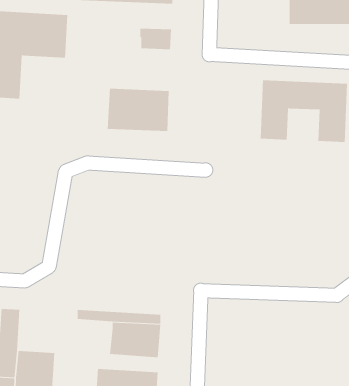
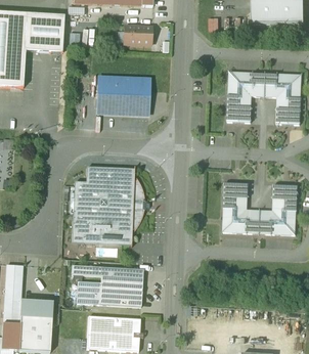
building: none -> [72,166,149,244]
building: none -> [222,180,297,233]
building: none -> [76,280,100,303]

